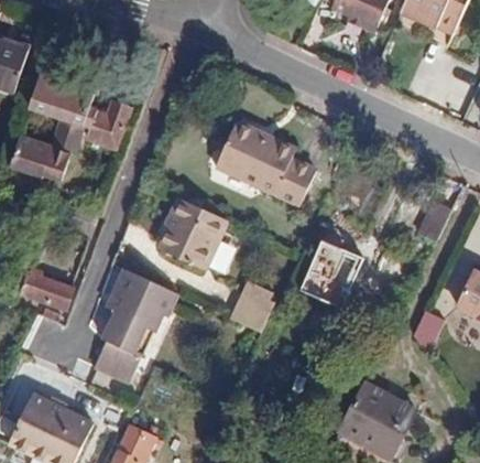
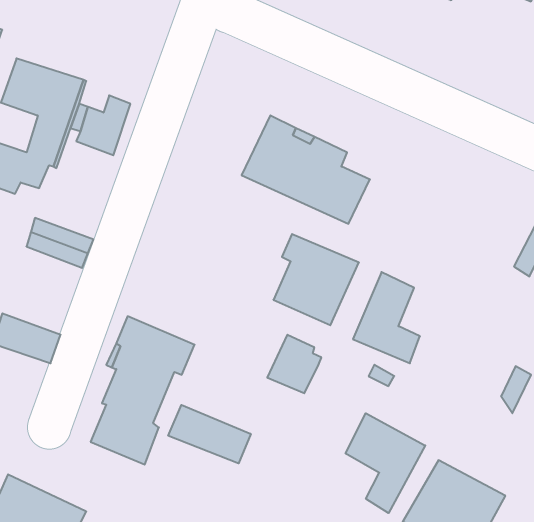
building: [164,197,230,268] -> [273,234,359,325]
building: none -> [168,405,251,463]
building: none -> [346,413,425,513]

